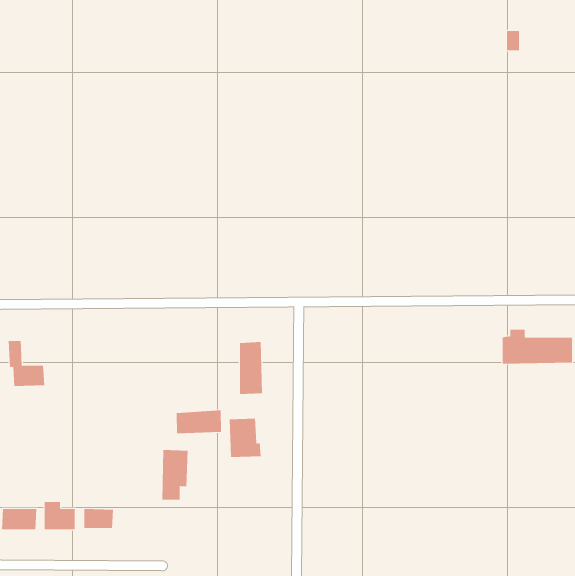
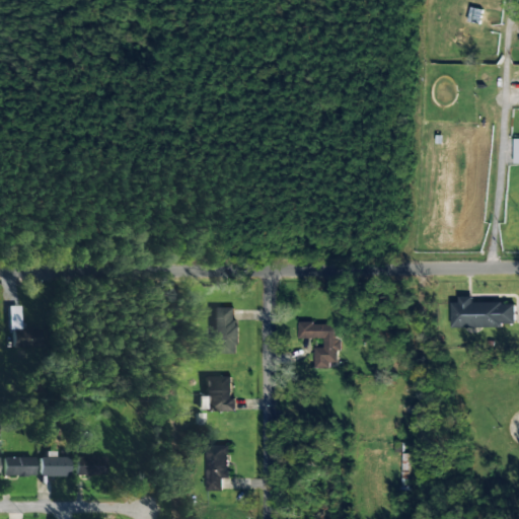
building: none -> [299,323,341,368]
building: [176,410,221,434] -> none
building: [161,450,188,500] -> [206,445,230,491]

